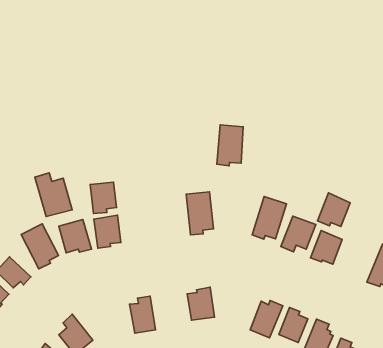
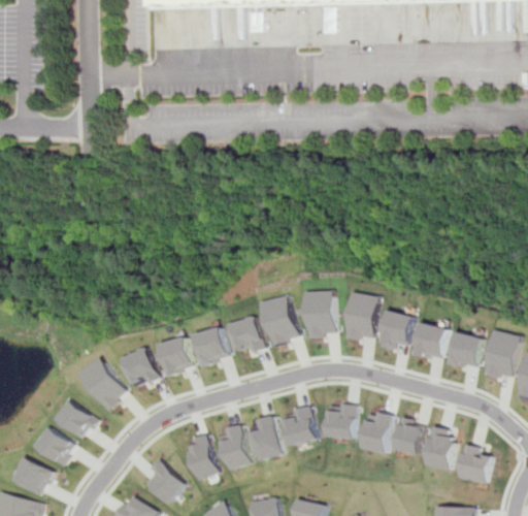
building: [217,125,243,166] -> [307,290,337,337]
building: [35,173,72,216] -> none
building: [90,182,116,213] -> [195,327,229,366]
building: [318,193,350,227] -> [452,329,487,367]
building: none -> [230,315,267,353]
building: none -> [323,402,354,440]
building: none -> [246,415,282,461]
building: none -> [183,434,214,480]

